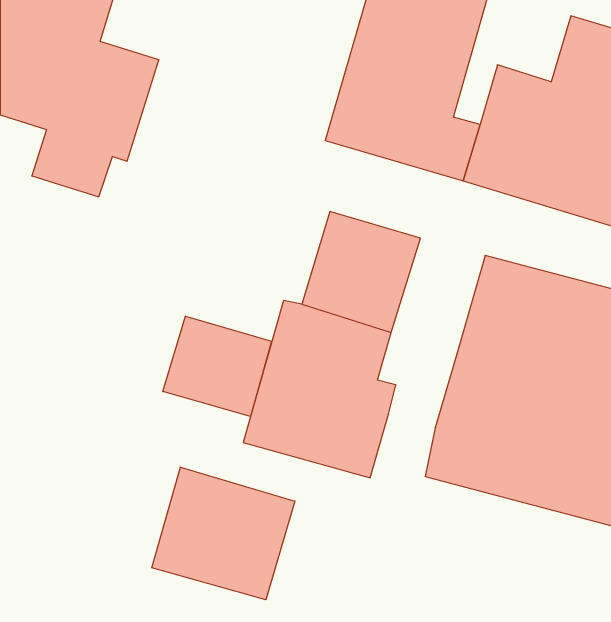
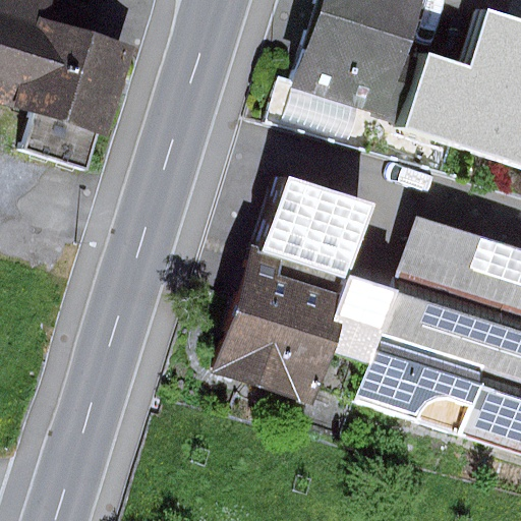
building: [163,316,272,416] -> none
building: none -> [326,277,393,356]
building: [152,467,295,600] -> none

